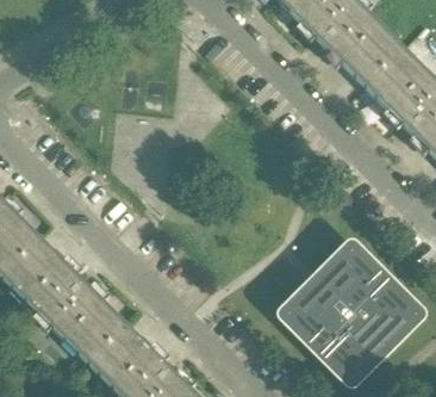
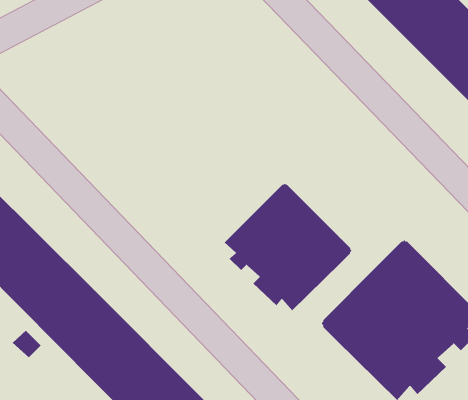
building: none -> [224,183,352,311]

